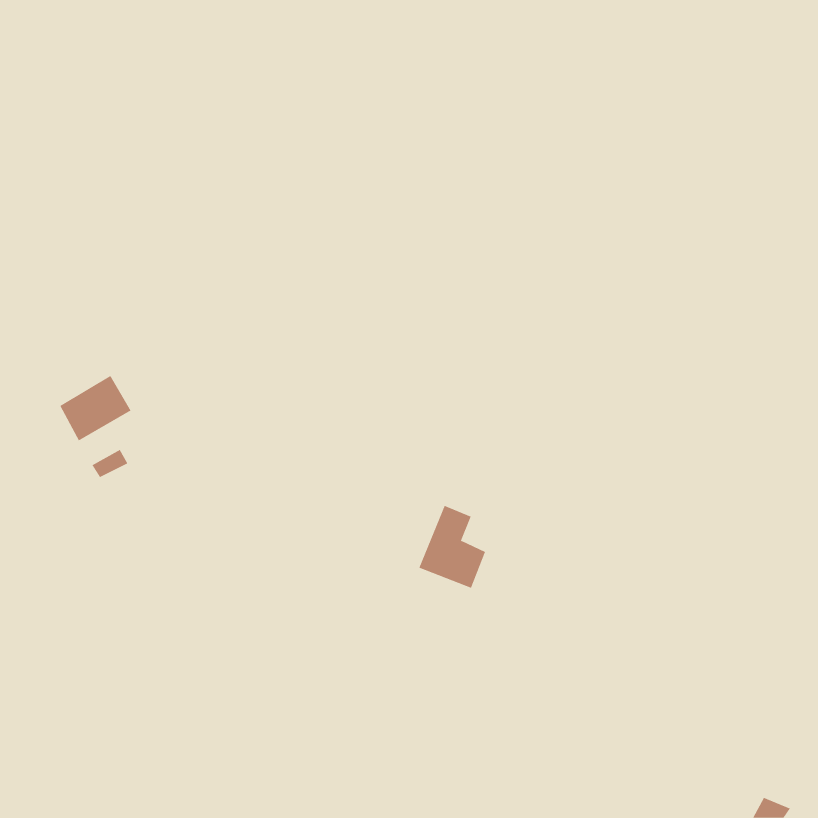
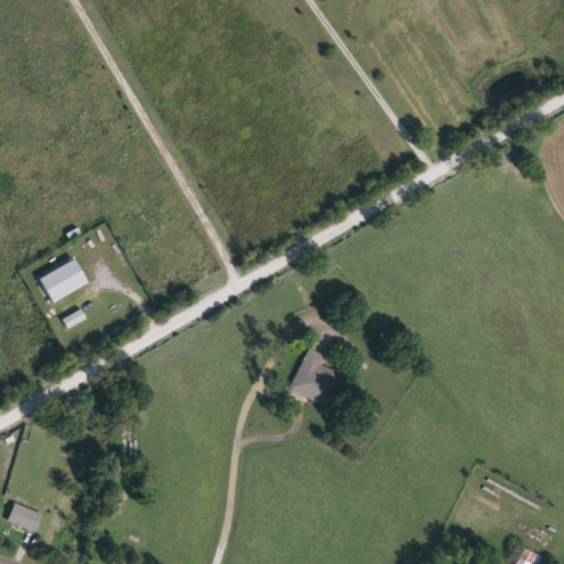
building: none -> [4,501,41,532]

